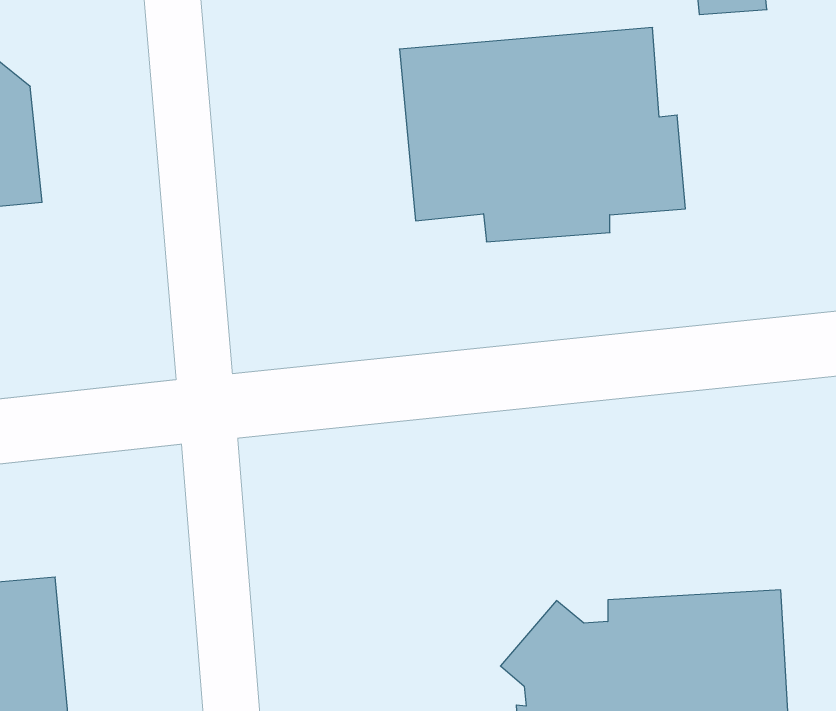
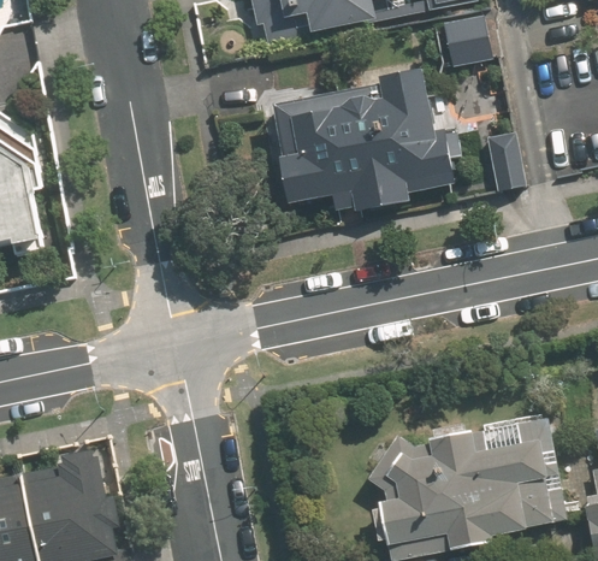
building: none -> [484,123,528,185]

